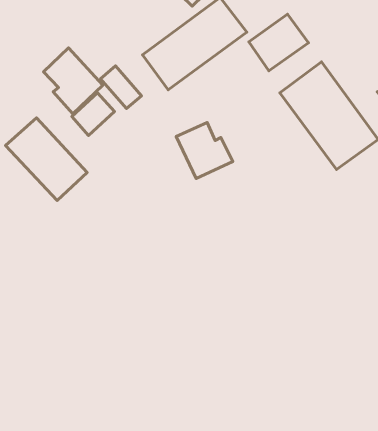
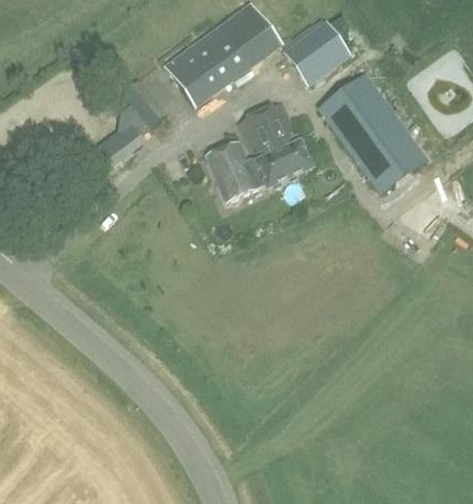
building: [43,48,103,114] -> none
building: none -> [238,102,311,187]
building: [6,118,87,200] -> none

